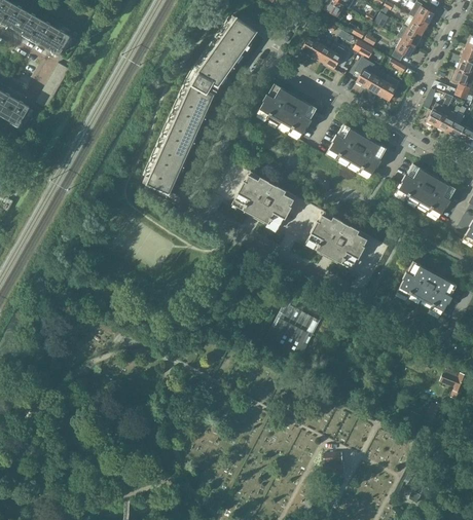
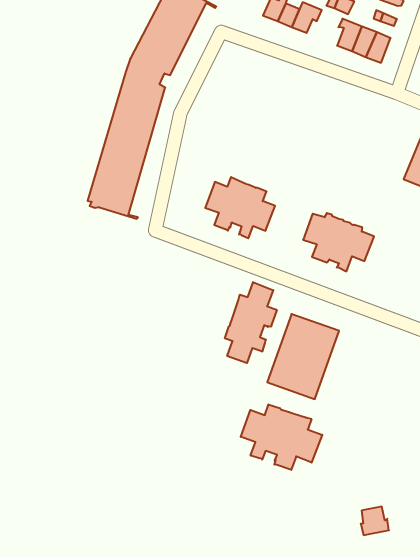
building: [256,83,317,140] -> none
building: [325,124,386,180] -> none
building: none -> [225,282,277,363]
building: none -> [241,404,322,470]

